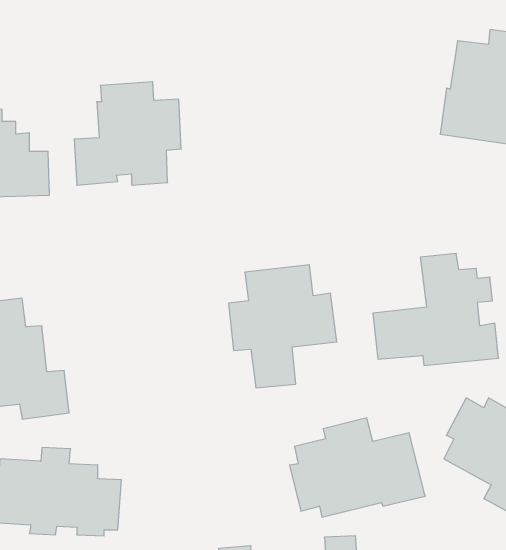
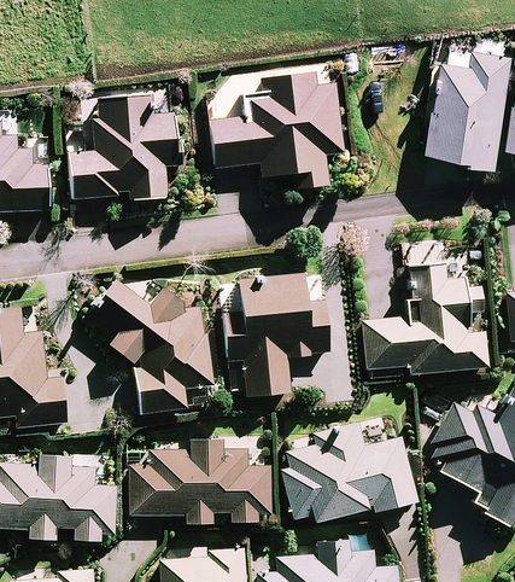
building: none -> [211,71,340,187]
building: none -> [88,281,210,413]
building: none -> [127,437,270,522]

